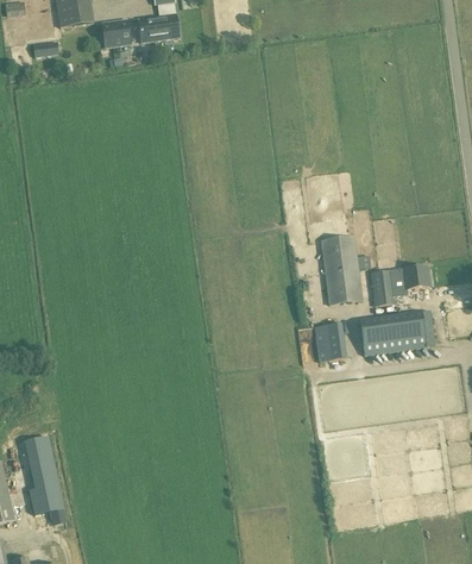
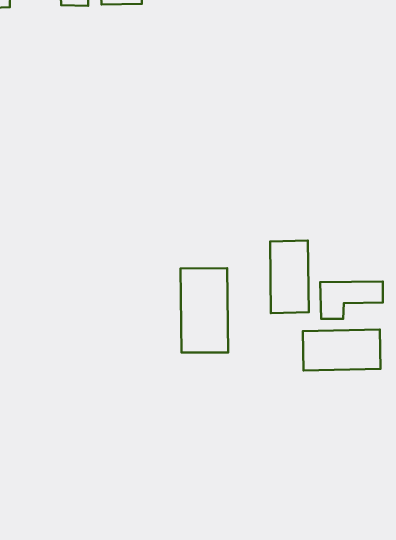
building: none -> [180,268,228,353]
building: [322,321,345,359] -> none

